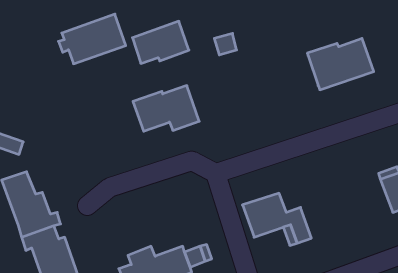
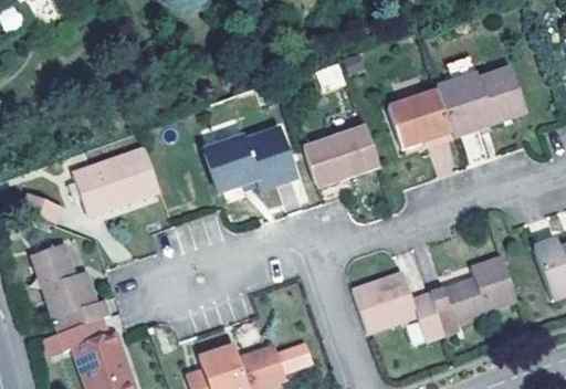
building: [58,14,126,64] -> [70,147,159,213]
building: [132,21,189,63] -> [304,126,379,182]
building: none -> [389,90,452,146]
building: none -> [429,255,517,333]

